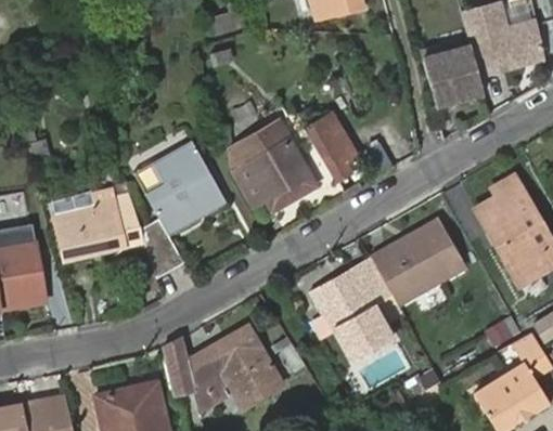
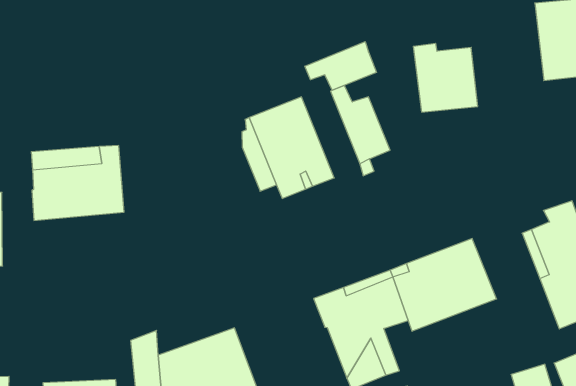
building: [420,45,481,106] -> [413,43,478,112]
building: none -> [305,42,376,90]
building: [141,141,226,278] -> none

